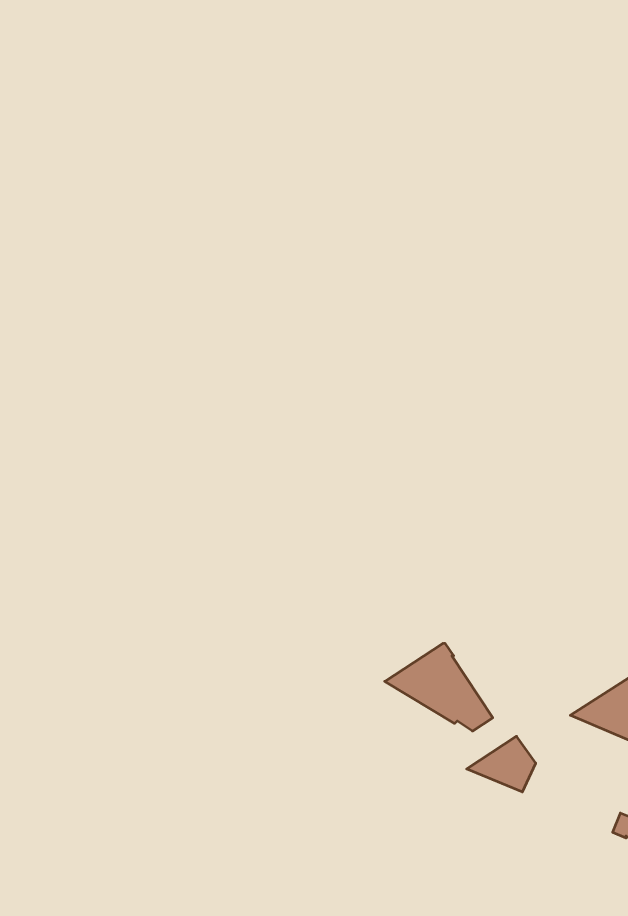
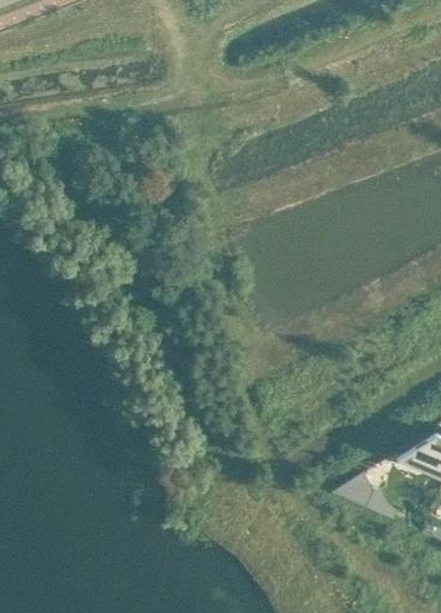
building: [385,643,493,731] -> none

